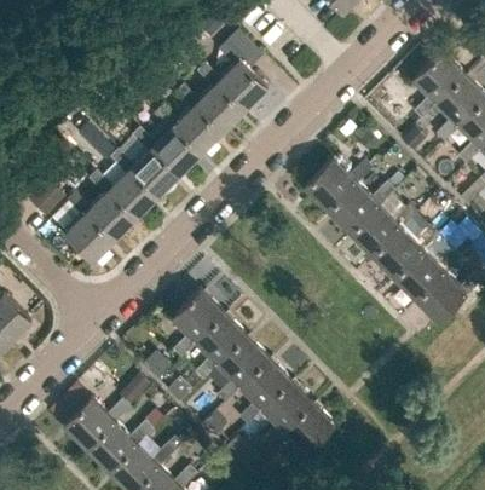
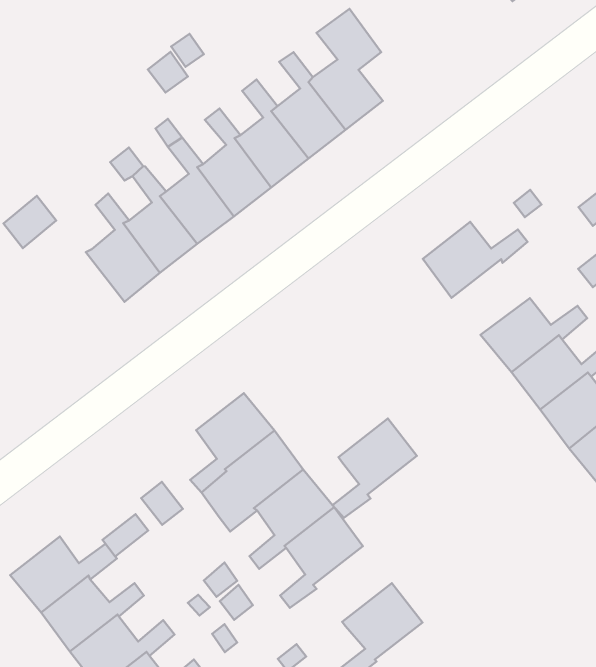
building: [328,181,395,232] -> none
building: [65,192,116,261] -> none
building: [261,379,312,446] -> [332,419,417,518]

